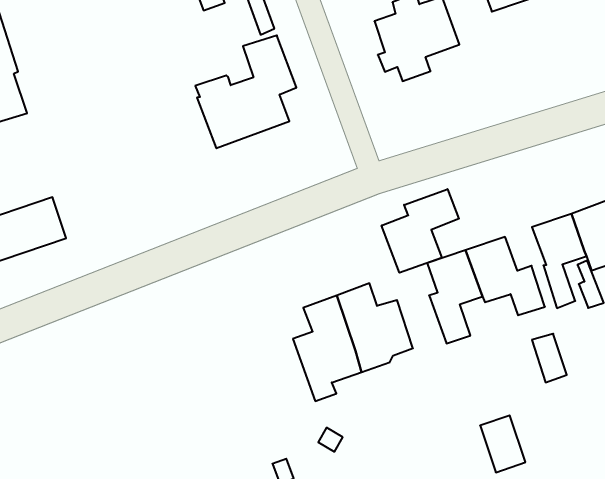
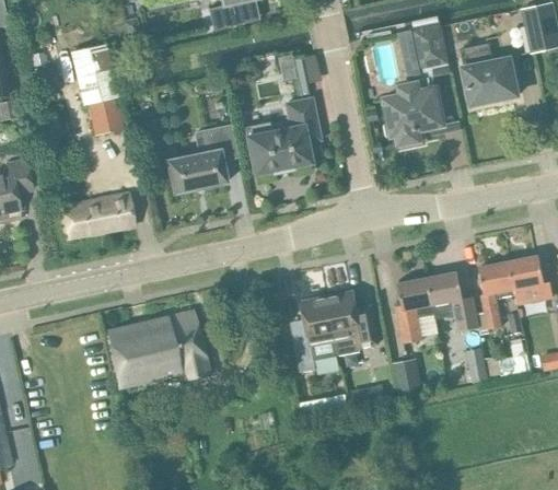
building: none -> [165,126,235,194]
building: [382,189,459,273] -> none
building: none -> [107,311,209,392]
building: [480,415,525,472] -> [393,358,422,398]

